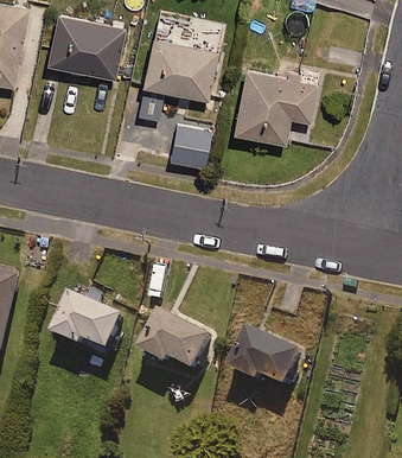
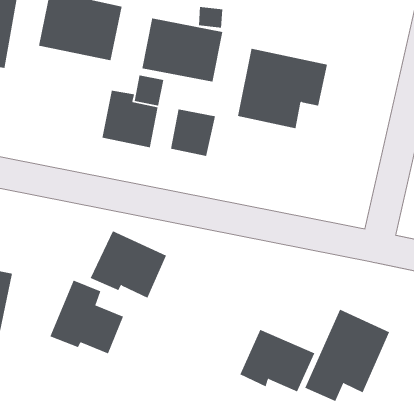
building: none -> [102,90,158,148]
building: [142,311,215,375] -> [90,230,167,298]
building: none -> [305,309,390,402]

